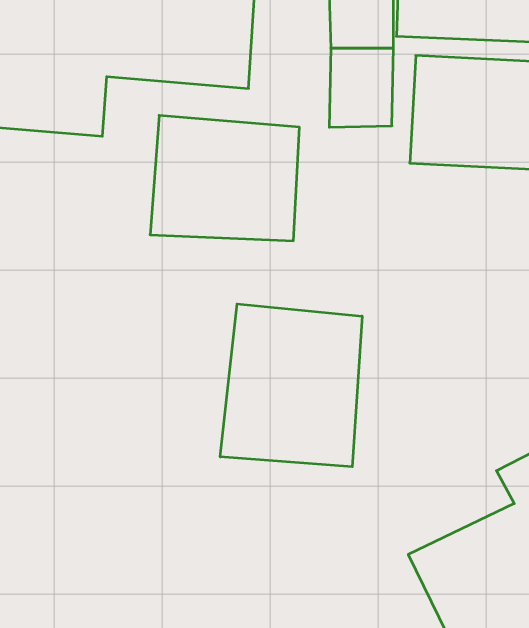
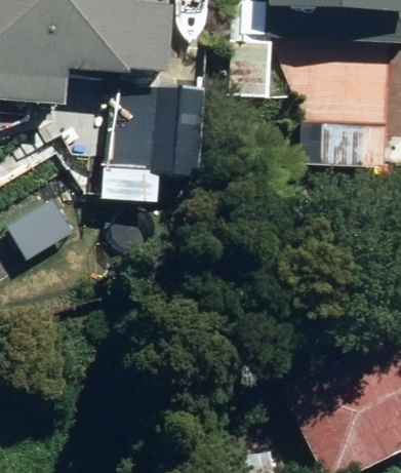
building: [220,304,362,467] -> none

